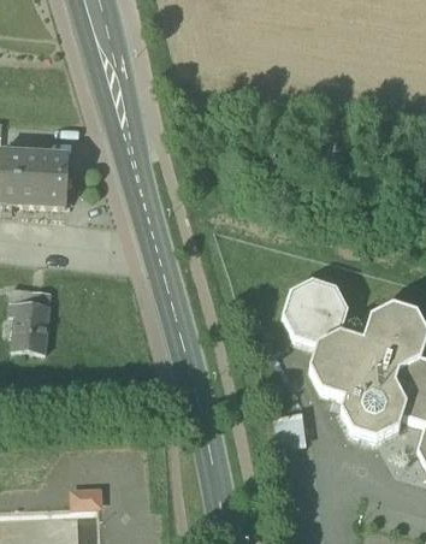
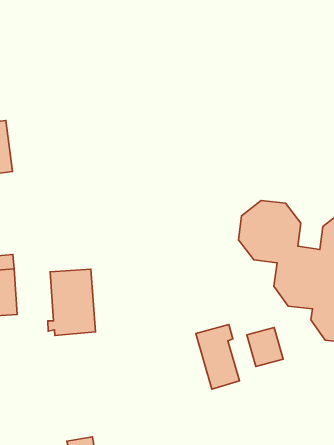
building: none -> [48,269,95,335]
building: none -> [196,325,240,389]

